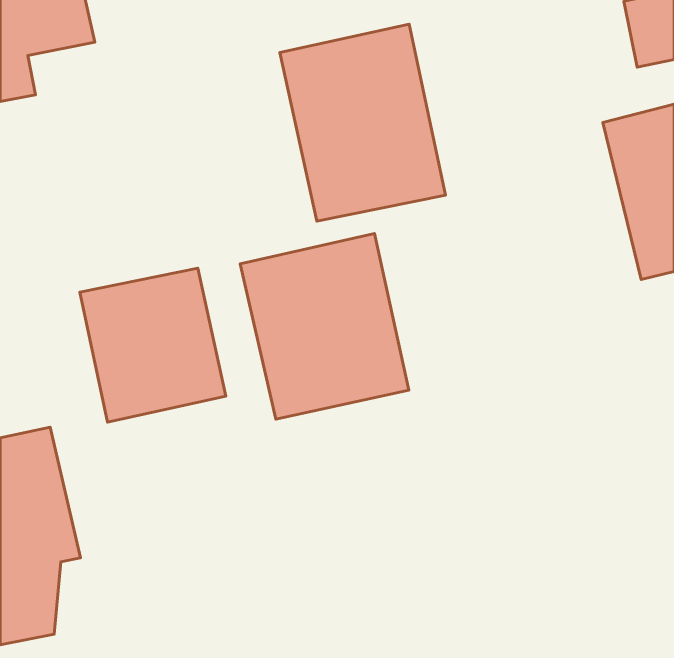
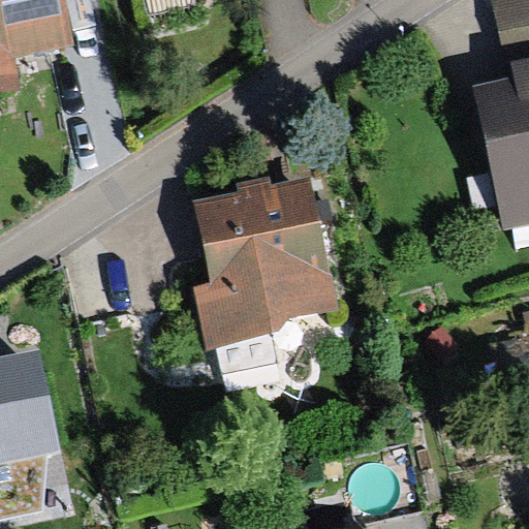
building: [280,24,446,221] -> none
building: [80,268,226,422] -> none

